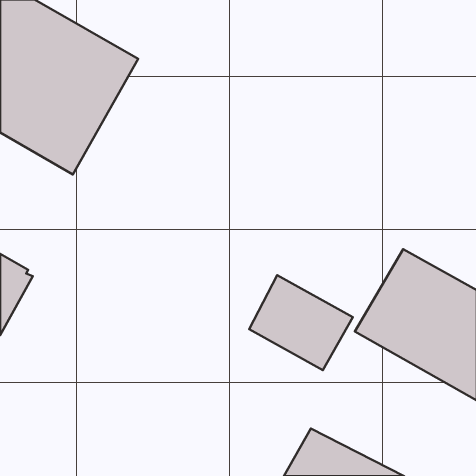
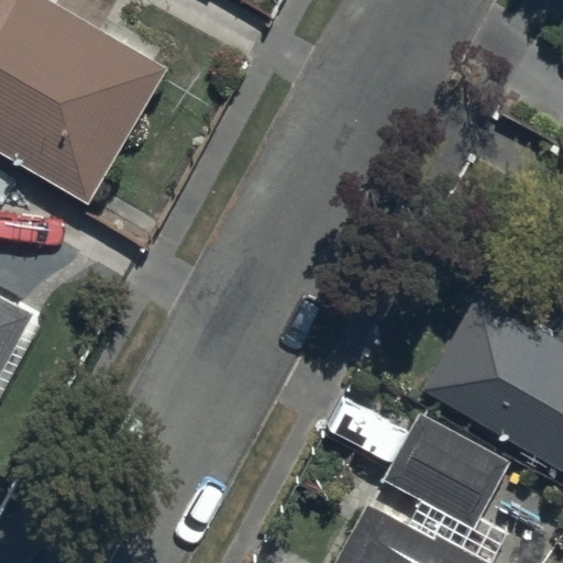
building: [249,275,353,370] -> [386,413,508,526]

